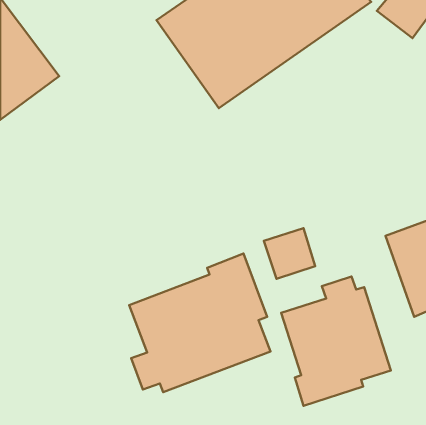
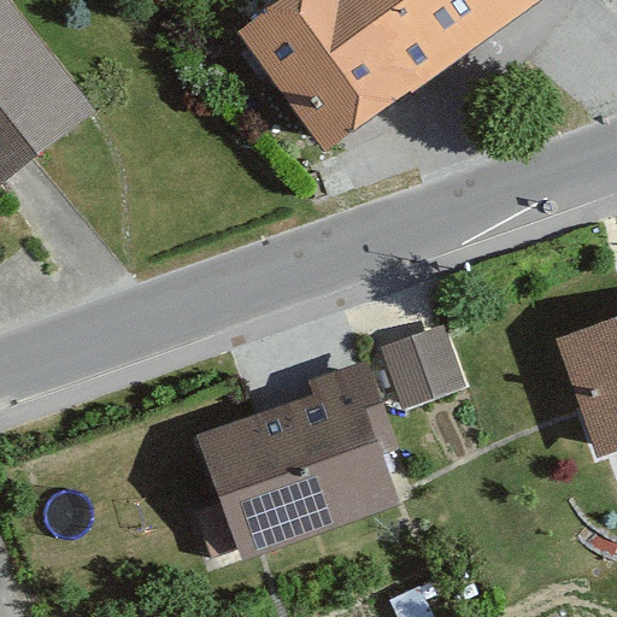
building: [281,277,391,406] -> none

